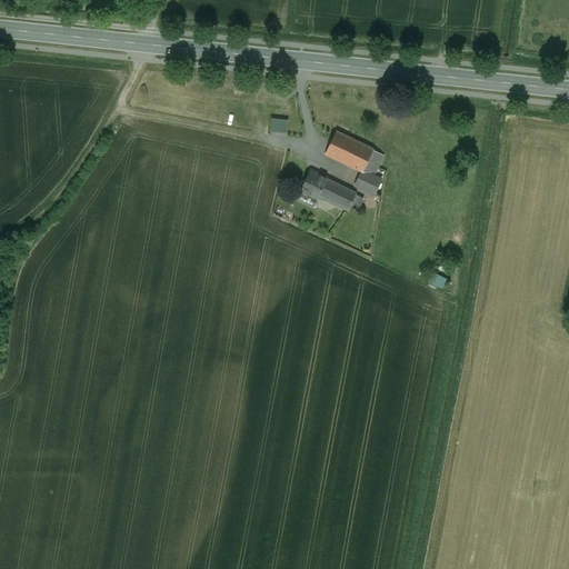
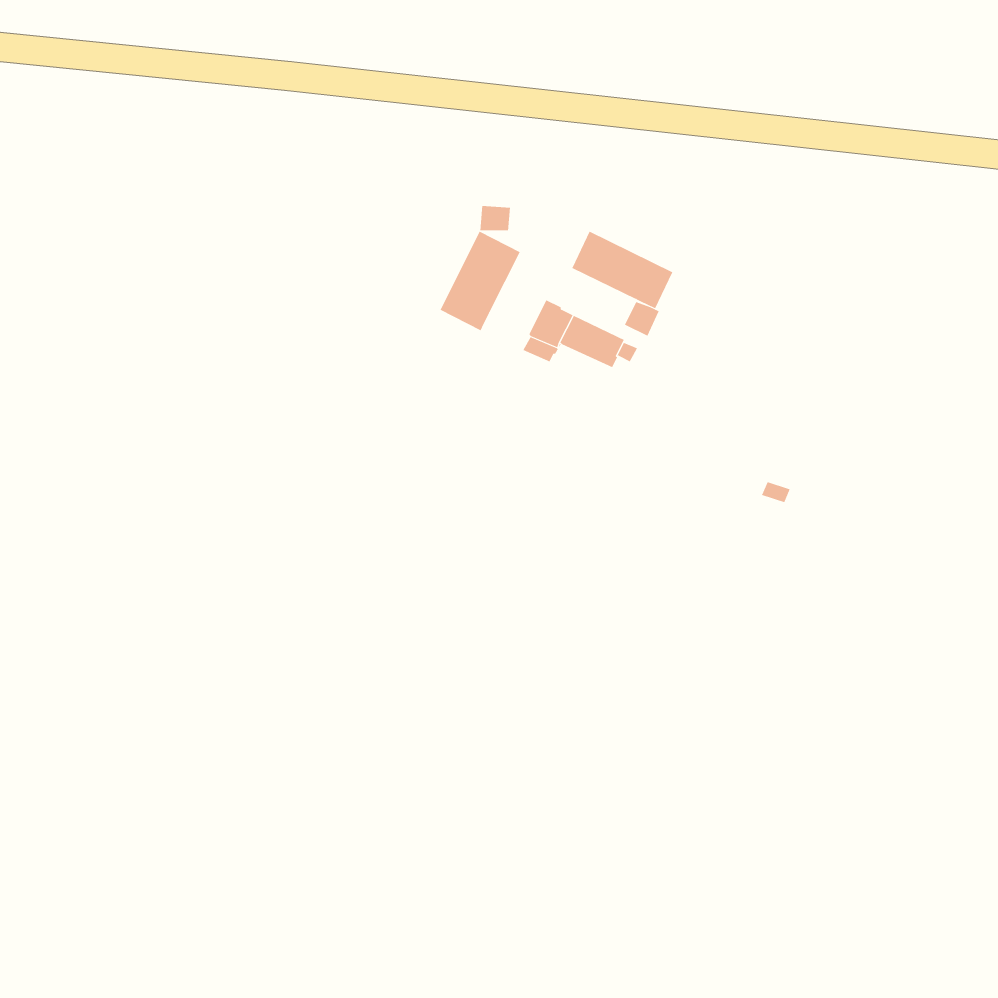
building: none -> [440,231,520,331]

